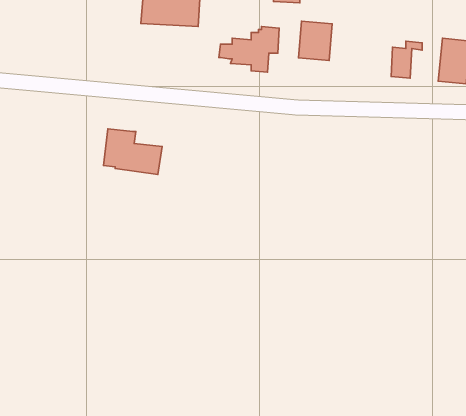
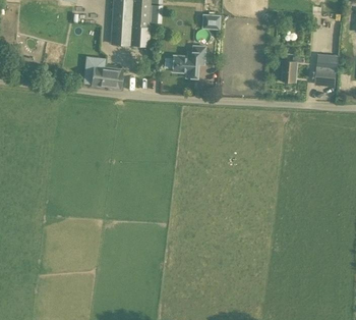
building: [298,21,332,60] -> none
building: [103,129,162,174] -> [82,57,123,89]

